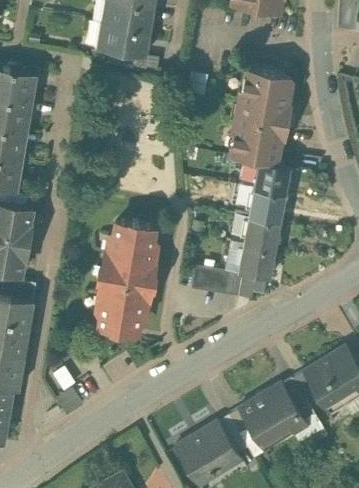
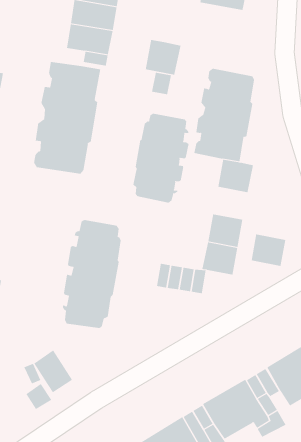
building: none -> [145,39,181,76]
building: none -> [34,61,101,174]
building: none -> [133,113,189,203]
building: [249,189,285,222] -> [251,234,286,267]
building: none -> [33,350,73,393]

